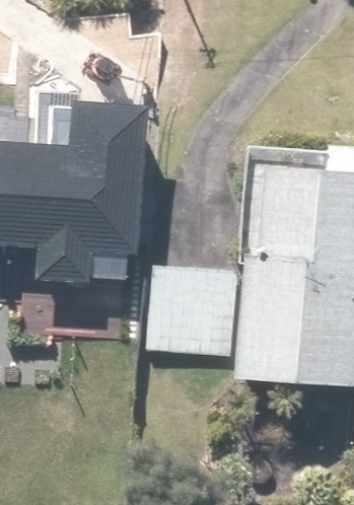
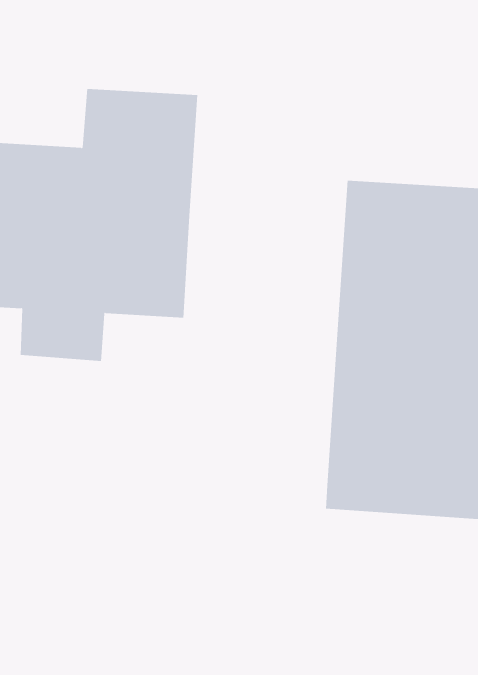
building: [143,264,241,362] -> none

